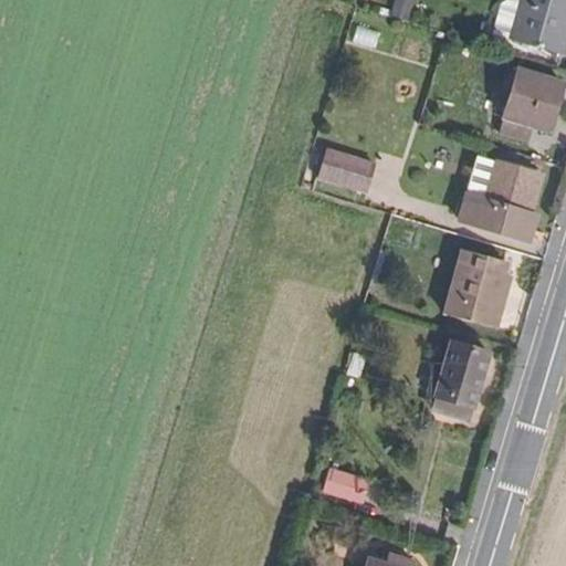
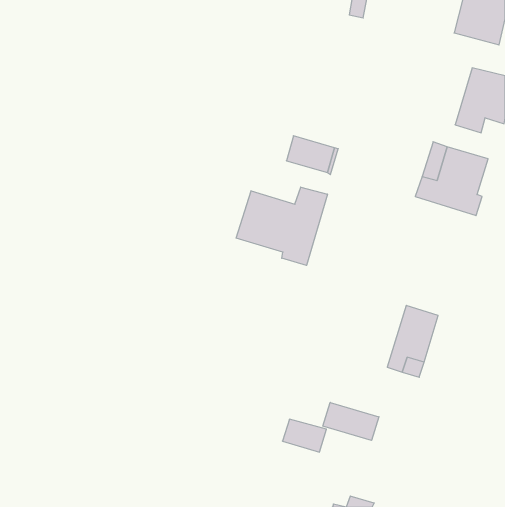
building: none -> [236,187,327,265]
building: [446,244,514,326] -> none
building: none -> [323,402,379,440]

